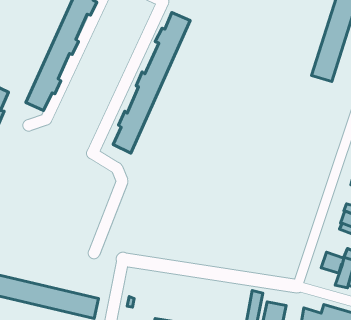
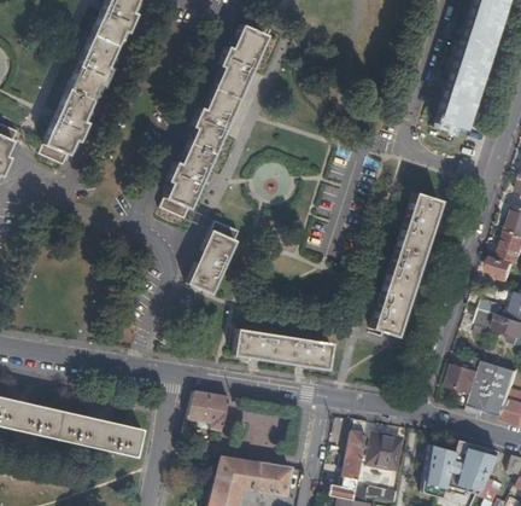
building: none -> [369,191,439,335]
building: none -> [186,220,238,293]
building: none -> [233,328,330,368]
building: none -> [185,391,227,430]

